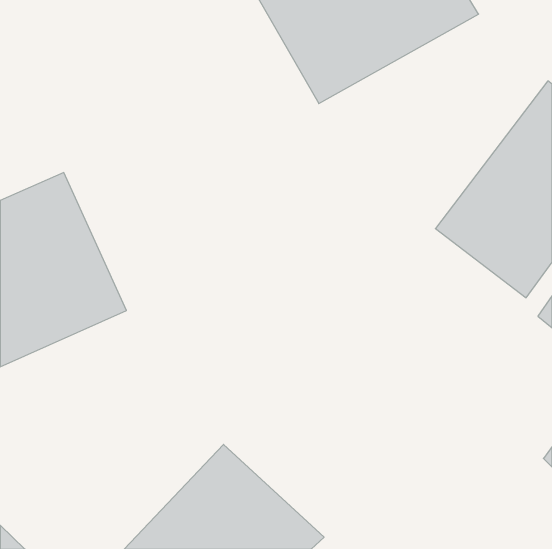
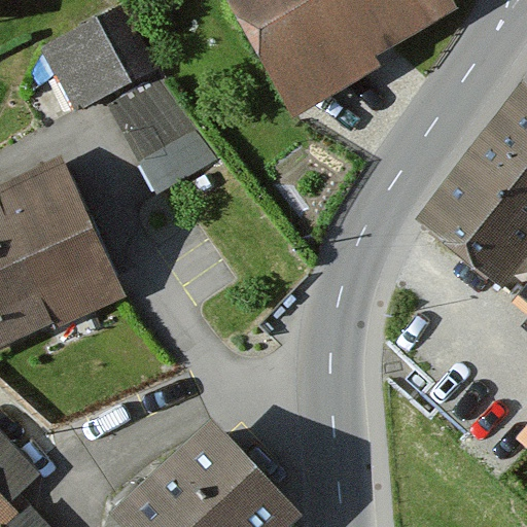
building: none -> [38,13,148,111]
building: none -> [105,92,194,195]

